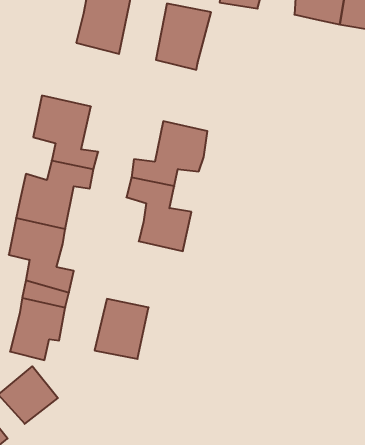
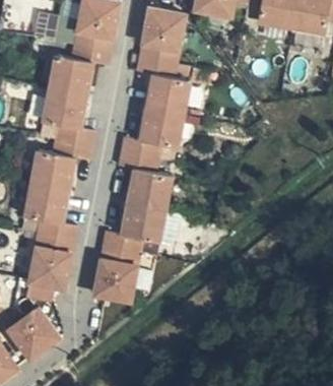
building: none -> [48,40,112,92]
building: none -> [139,54,191,113]
building: none -> [102,204,164,259]

